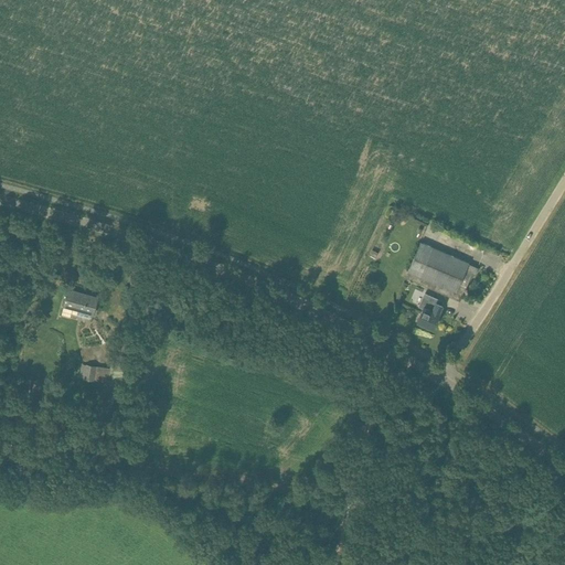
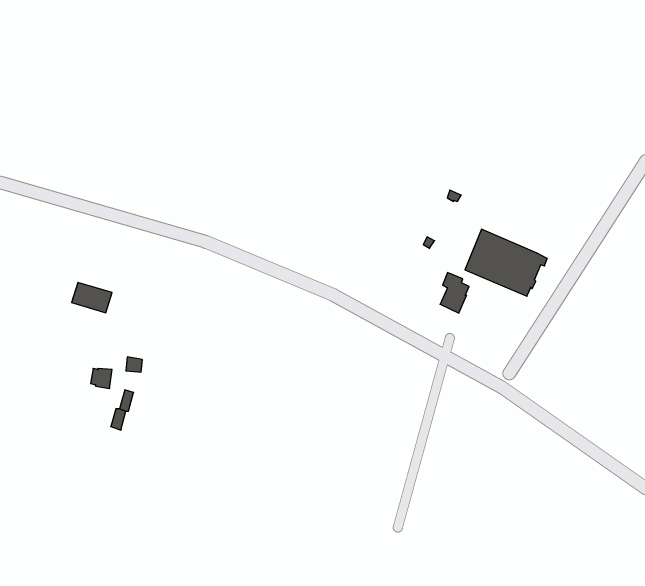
building: [417,292,443,328] -> [440,273,469,313]

